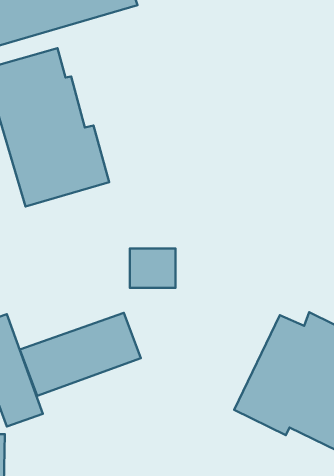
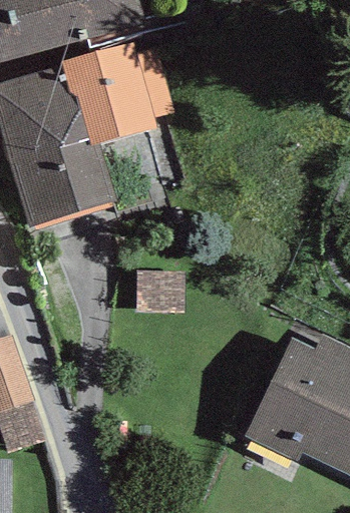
building: none -> [61,42,172,145]
building: [20,313,141,396] -> none

